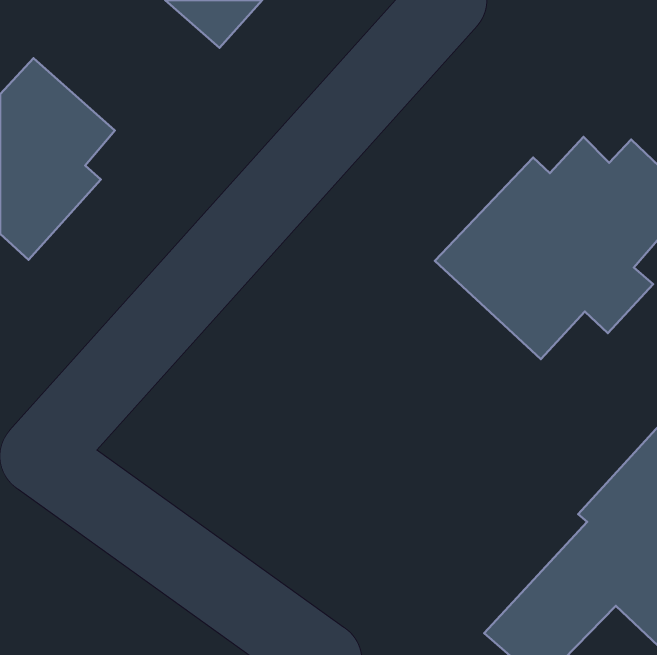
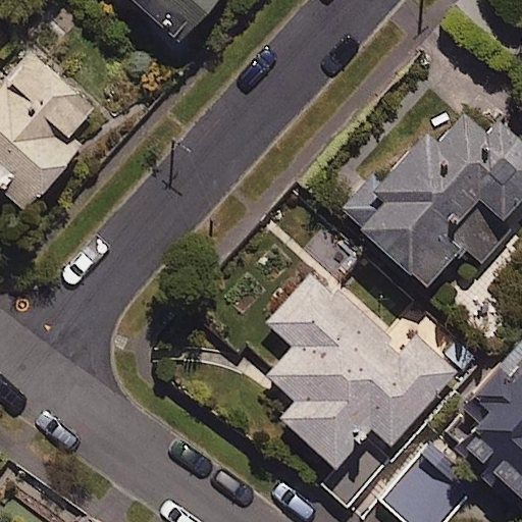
building: none -> [255,272,458,468]

